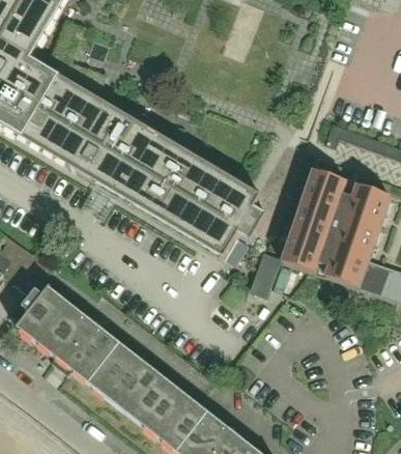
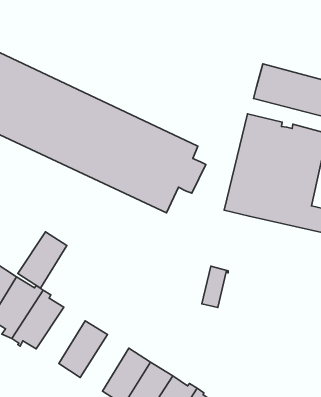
building: [252,253,281,294] -> [202,266,228,308]
building: [83,340,134,395] -> [18,232,67,288]
building: [123,371,174,426] -> none

